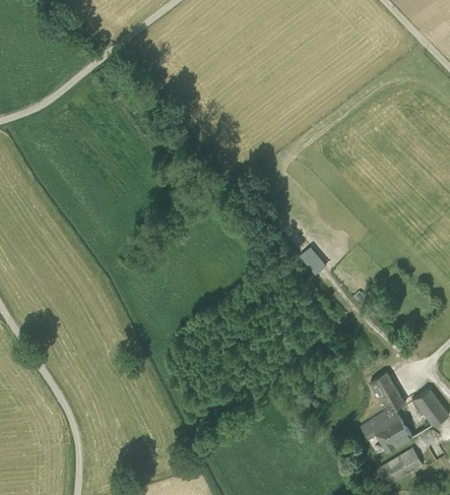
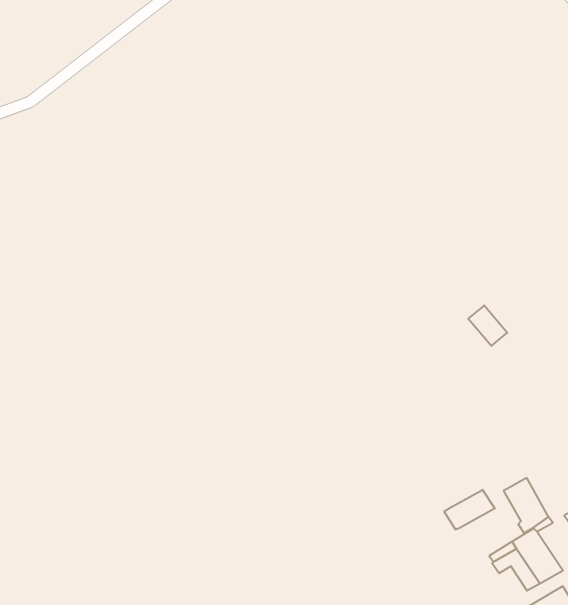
building: [300,245,327,273] -> [468,305,507,346]
building: none -> [444,490,495,530]

